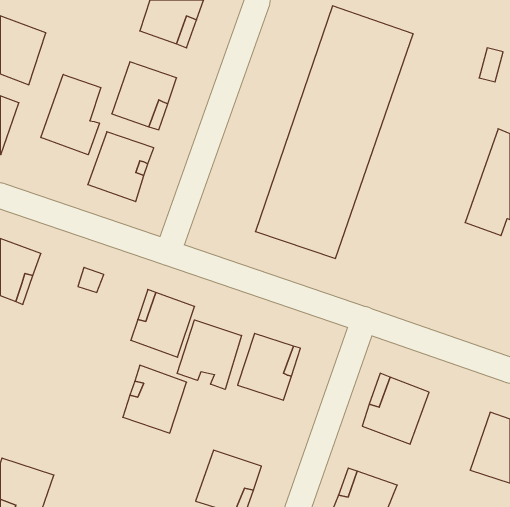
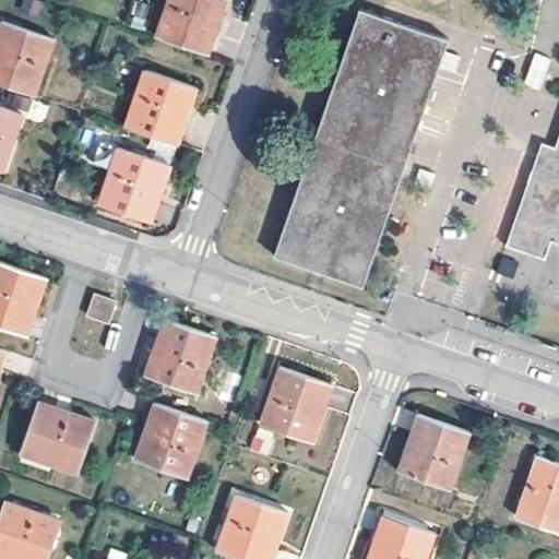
building: [41,74,101,155] -> none
building: [177,320,242,389] -> none
building: none -> [19,402,94,473]

